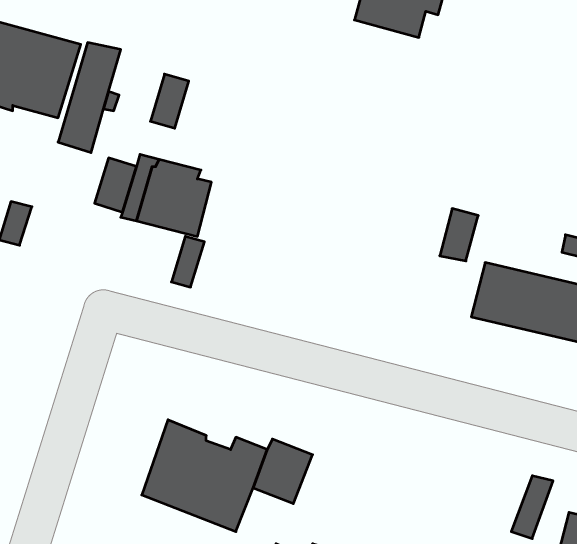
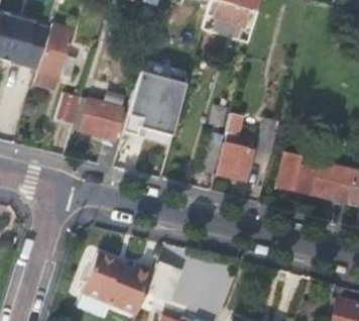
building: none -> [123,72,190,149]
building: none -> [218,113,258,181]

